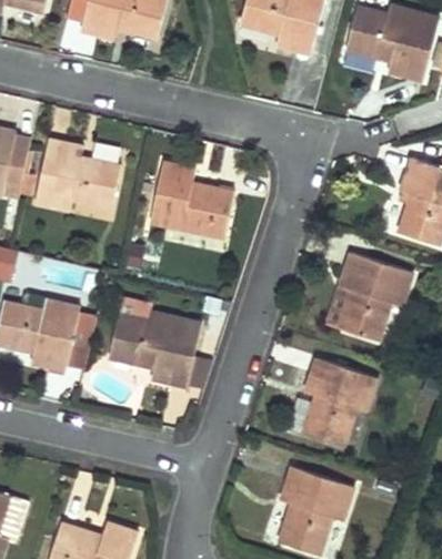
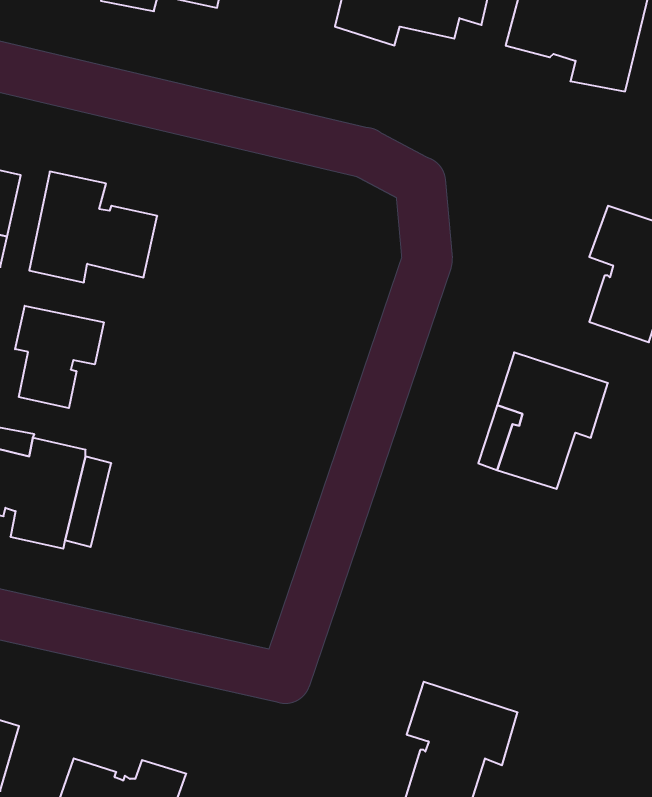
building: [152,162,235,237] -> none
building: none -> [15,306,104,408]
building: [108,309,197,383] -> none
building: [302,358,375,448] -> none

